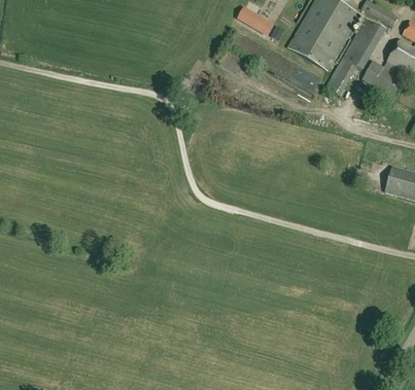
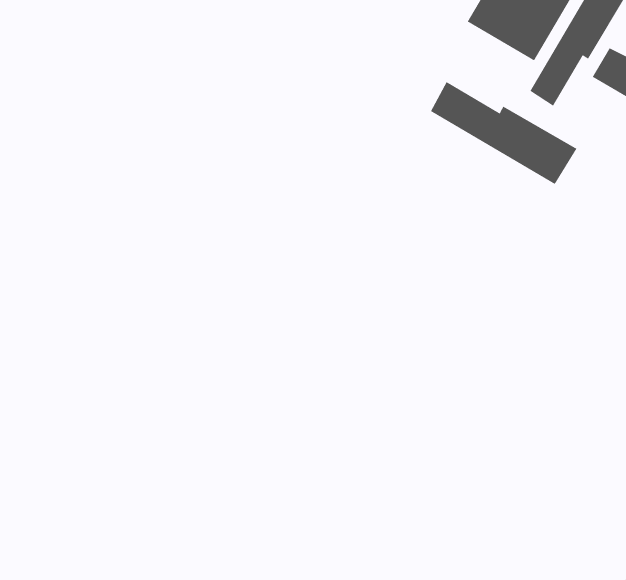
building: none -> [430,81,577,185]

